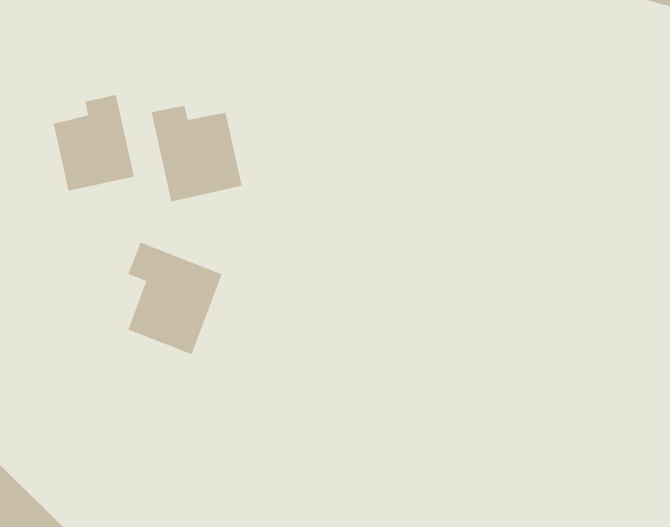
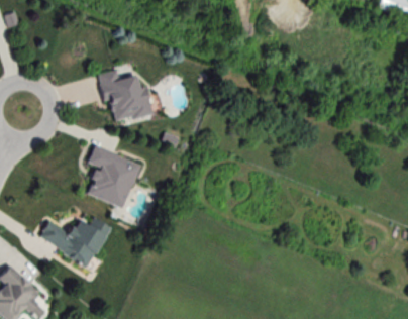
building: [53,94,134,191] -> none
building: none -> [39,219,107,269]

